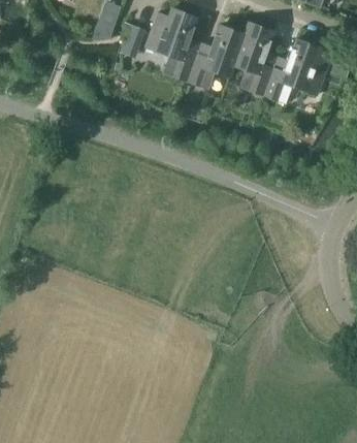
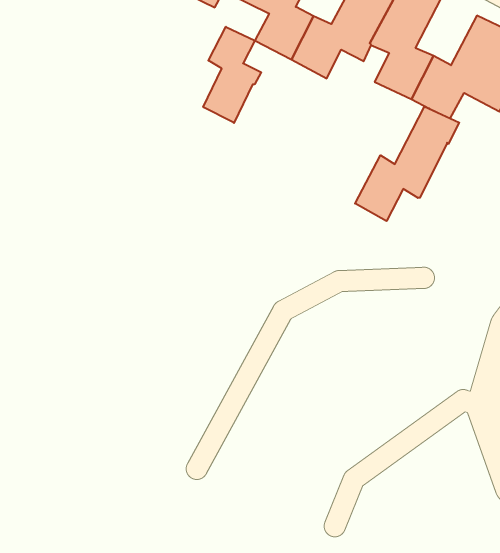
building: none -> [203,27,261,123]
building: none -> [355,107,459,221]

